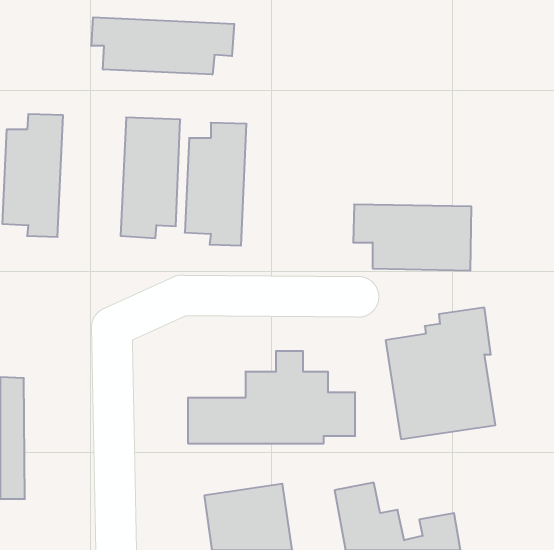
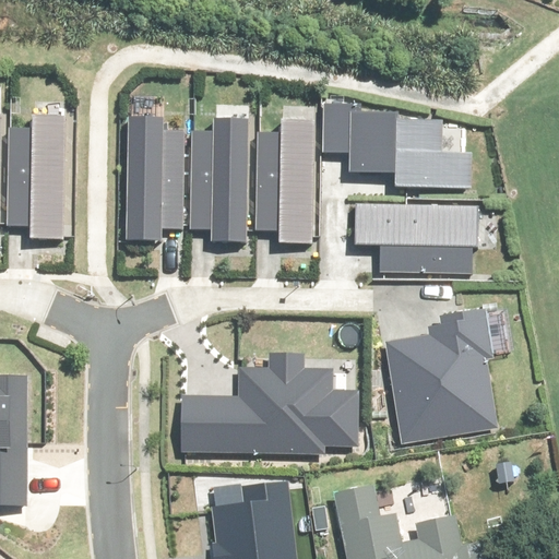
building: [91,17,234,75] -> none
building: none -> [321,109,469,186]
building: none -> [253,120,314,243]

